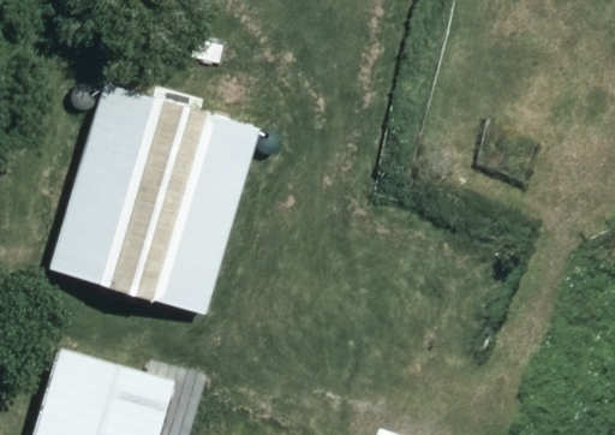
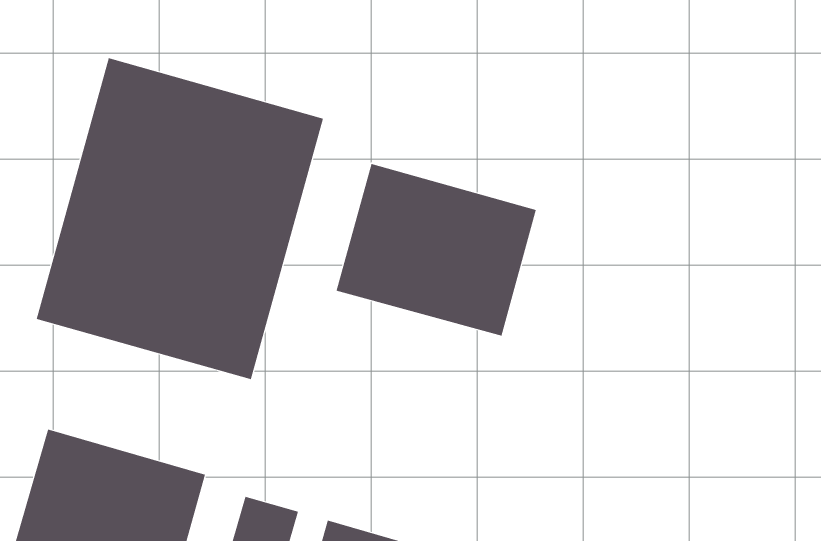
building: none -> [336,163,537,337]

